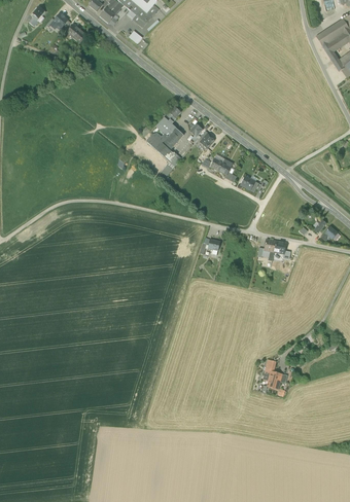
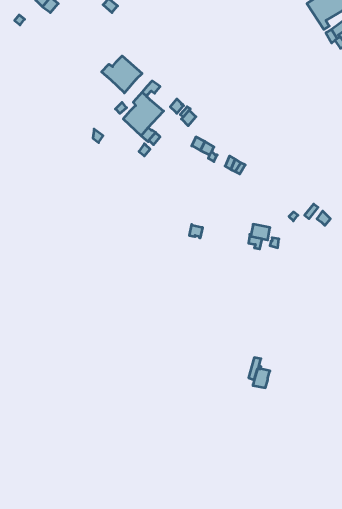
building: none -> [102,56,142,93]

